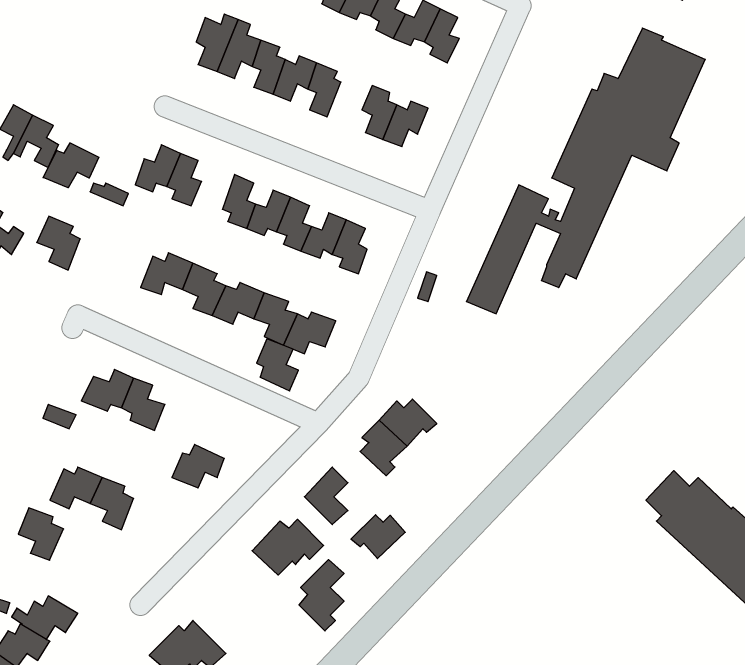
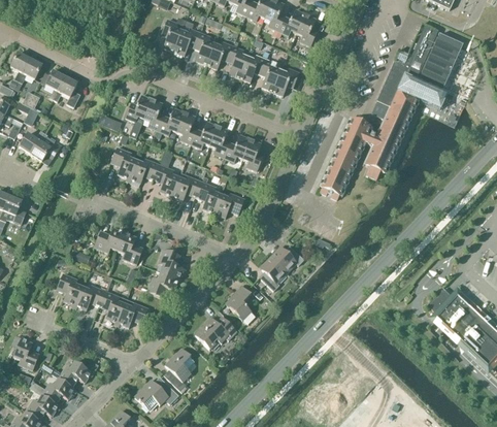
building: none -> [239,55,266,81]
building: [43,143,99,188] -> none
building: none -> [159,107,185,135]
building: [37,216,80,270] -> [110,146,136,178]
building: [257,339,298,391] -> [159,249,184,280]
building: none -> [118,302,148,326]
building: [18,508,64,560] -> [57,273,84,304]
building: [351,515,405,559] -> none
building: [299,560,344,631] -> [164,348,191,390]

